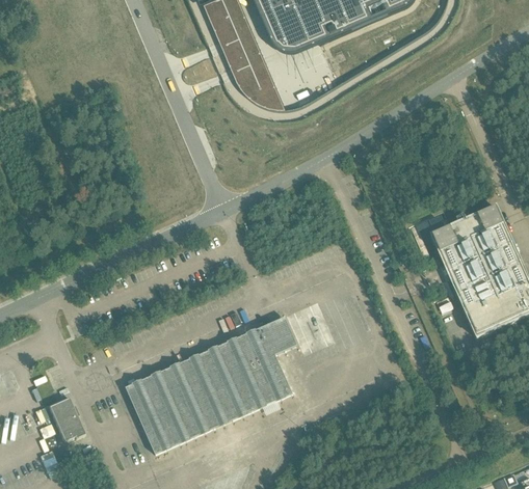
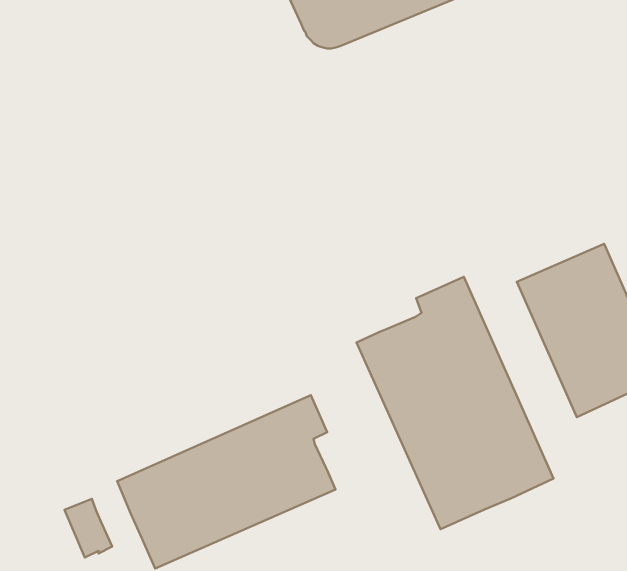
building: none -> [357,277,553,529]
building: [49,396,85,440] -> [64,499,112,558]

